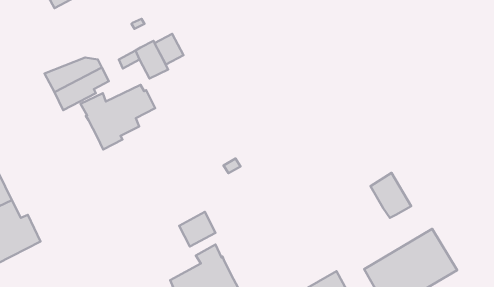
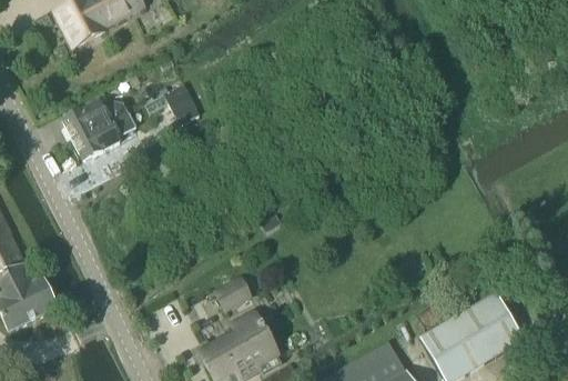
building: [155,34,183,65] -> none
building: [81,85,155,150] -> none
building: [371,173,411,218] -> none

